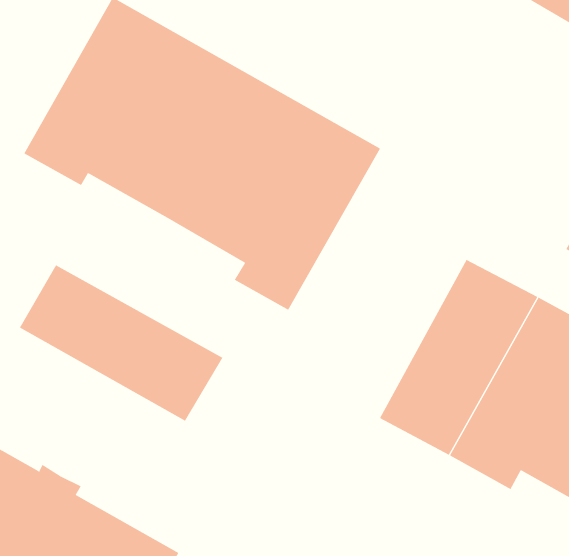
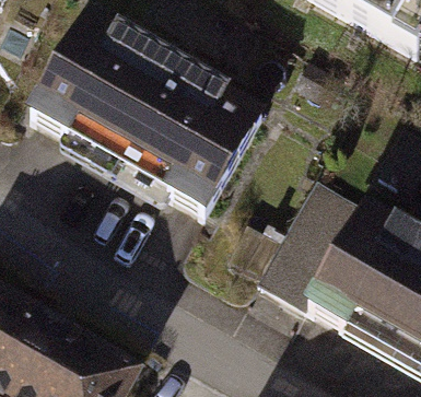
building: [19,265,223,421] -> none

